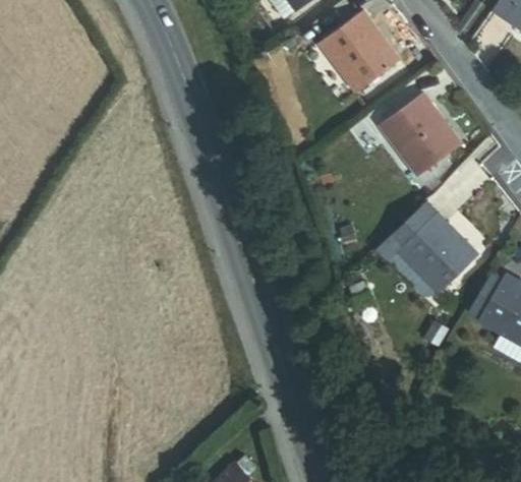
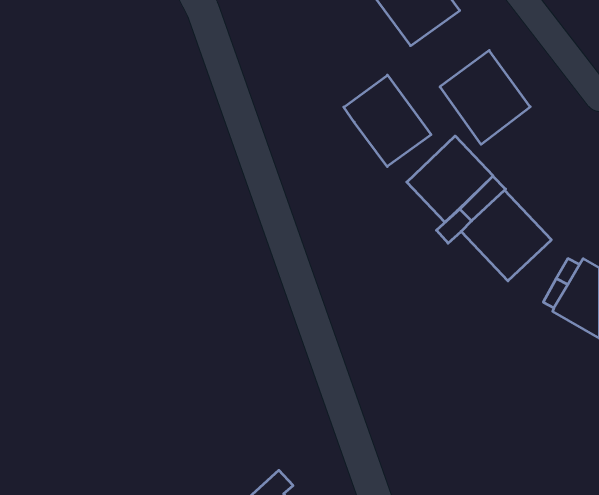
building: none -> [344,75,431,167]
building: none -> [407,136,493,222]

